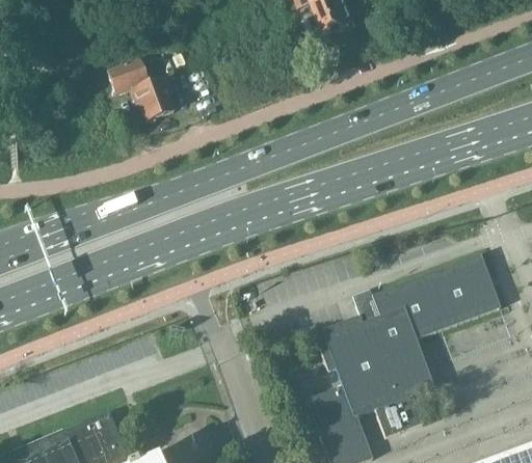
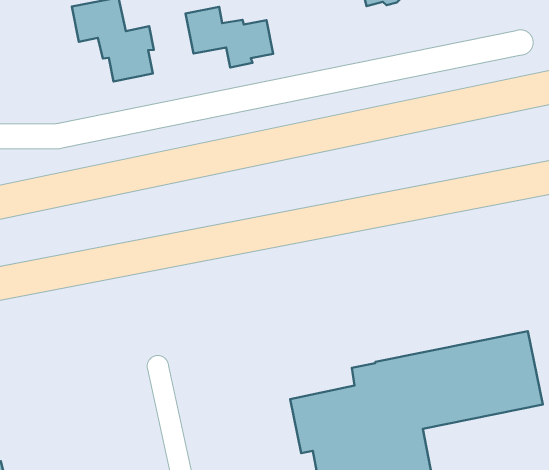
building: none -> [186,7,273,67]

